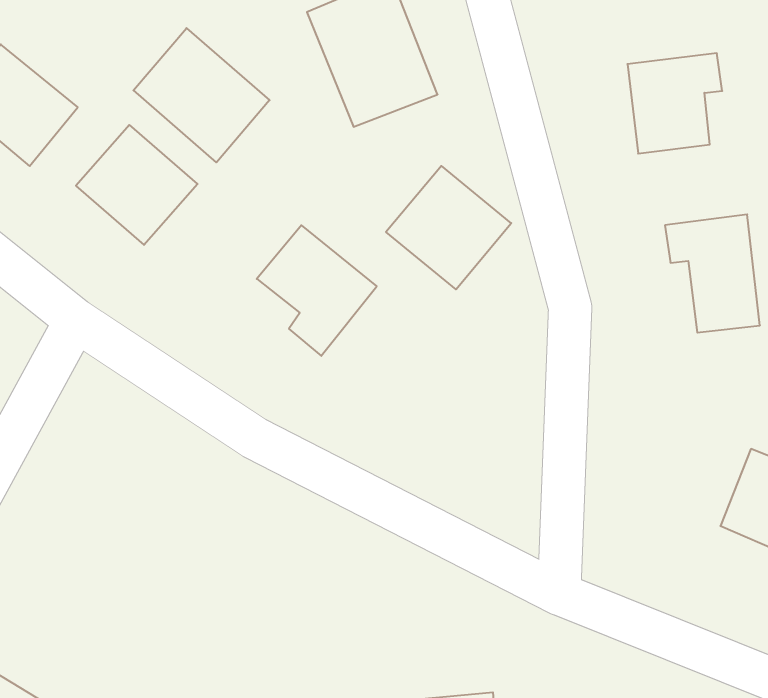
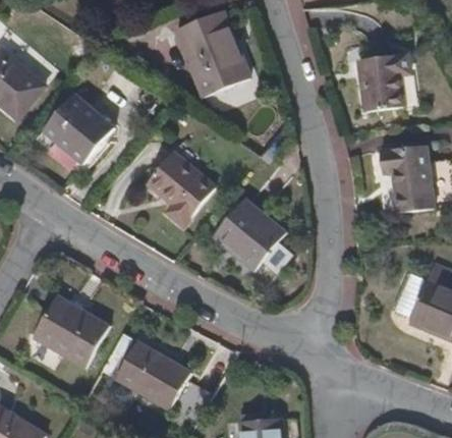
building: [133,28,270,162] -> none
building: [386,166,511,289] -> [213,199,284,269]
building: none -> [33,296,109,367]
building: none -> [115,341,190,407]

